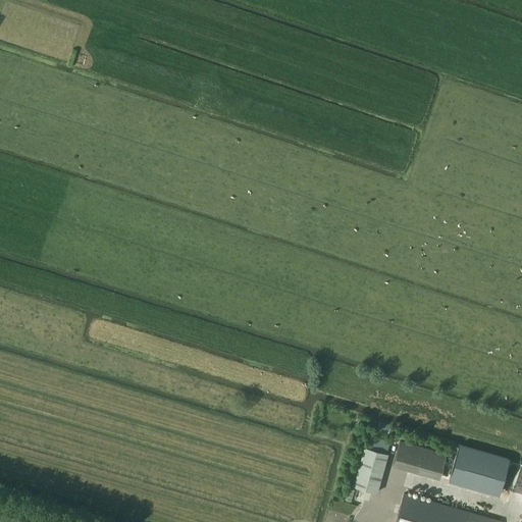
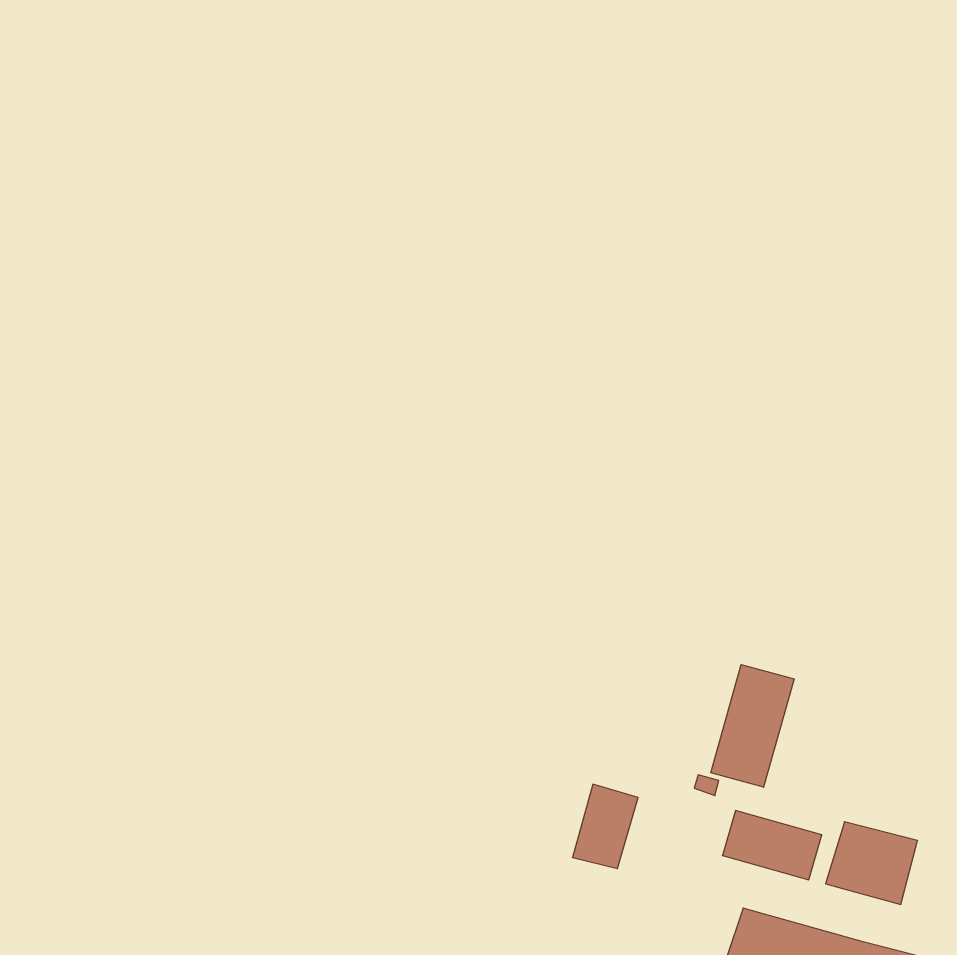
building: none -> [711,665,794,787]
building: [354,449,389,494] -> [572,784,638,869]

